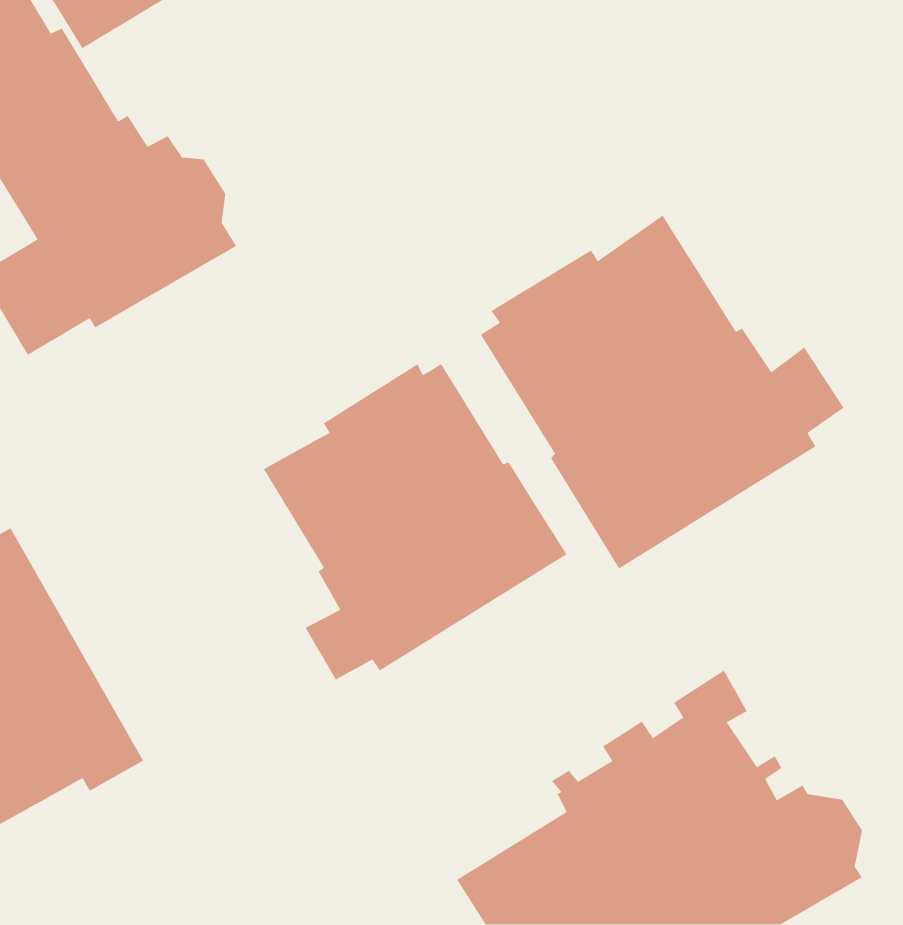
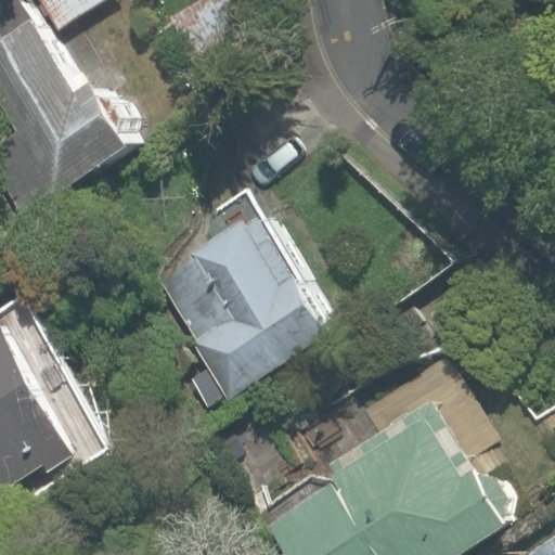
building: [480,215,844,570] -> none

